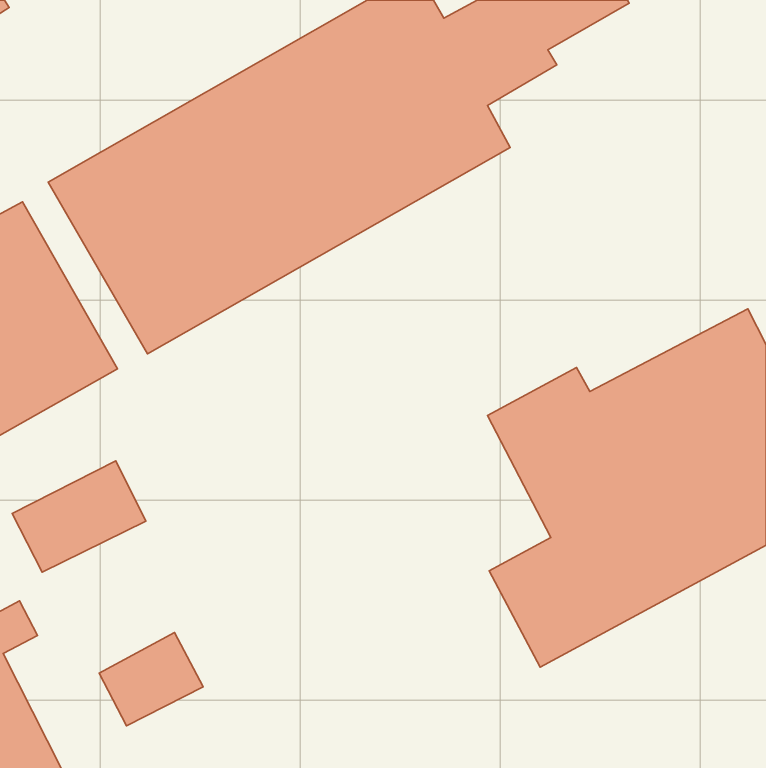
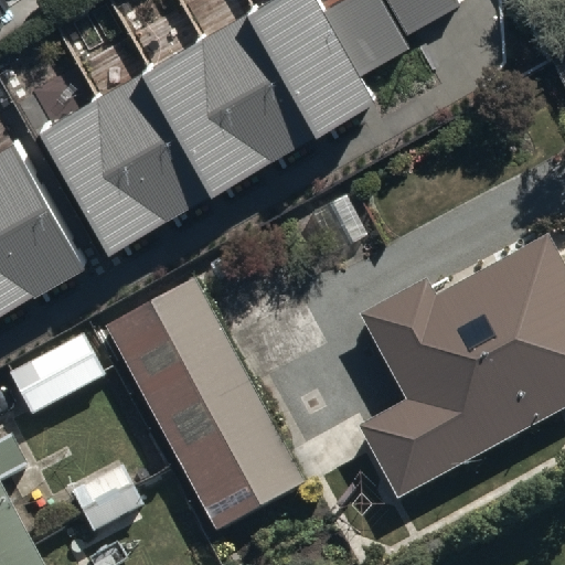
building: none -> [103,274,301,522]

